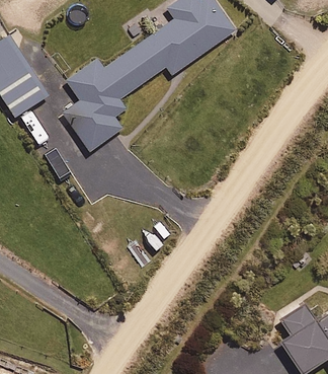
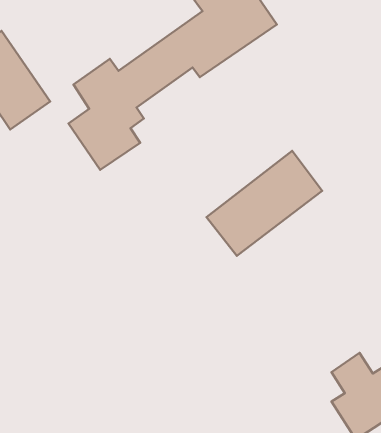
building: none -> [207,151,322,256]

